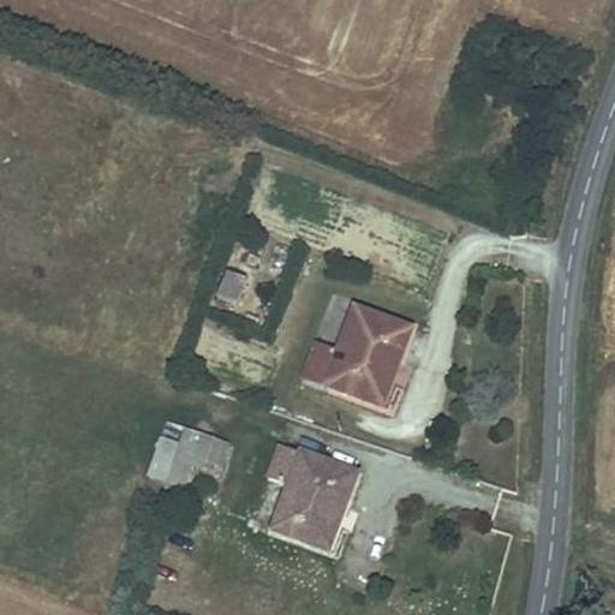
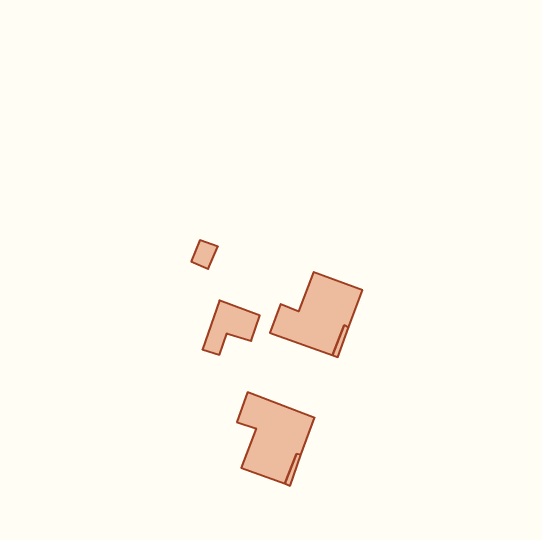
building: [166,425,231,486] -> [202,300,260,355]

